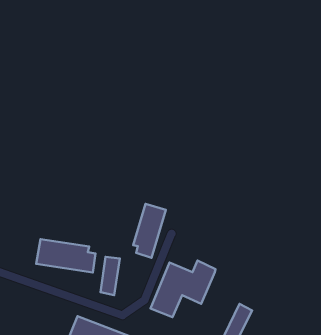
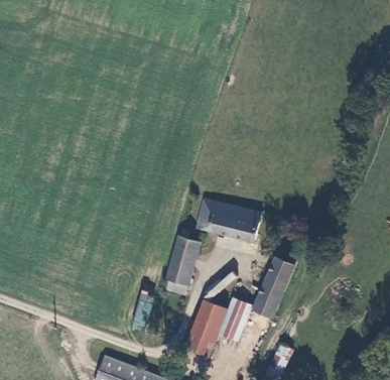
building: none -> [196,201,260,243]
building: none -> [251,250,295,316]
building: [36,239,96,273] -> none

